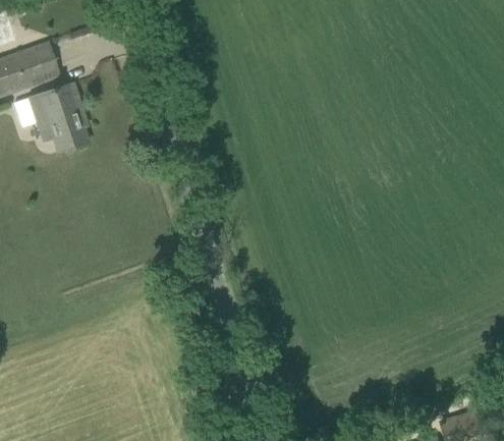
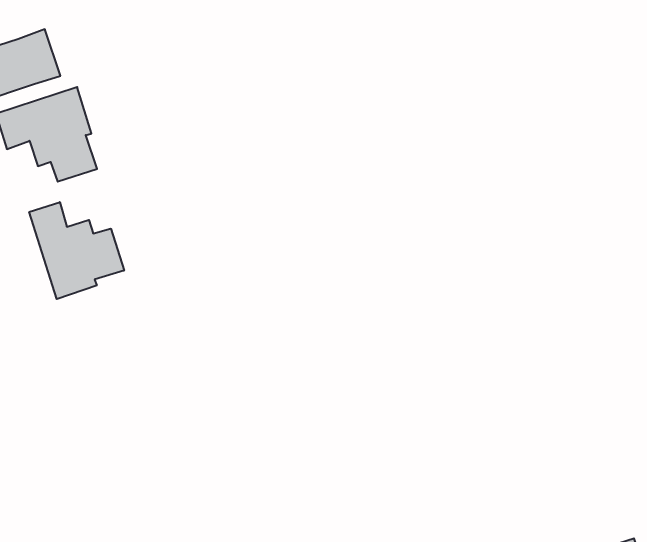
building: none -> [29,202,124,299]

